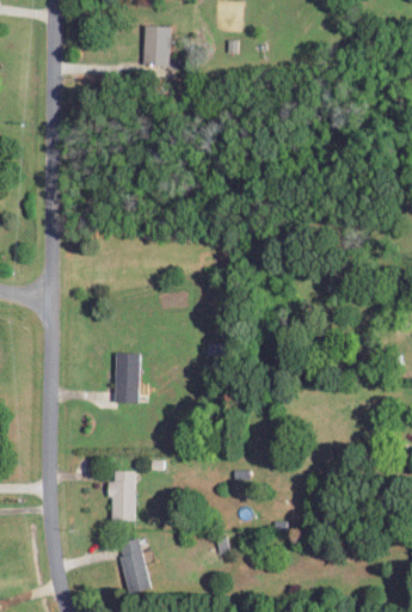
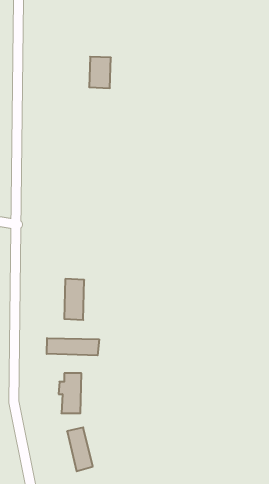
building: [143,26,171,66] -> [89,57,111,88]
building: none -> [47,338,99,355]

